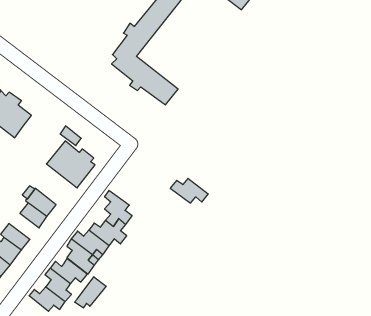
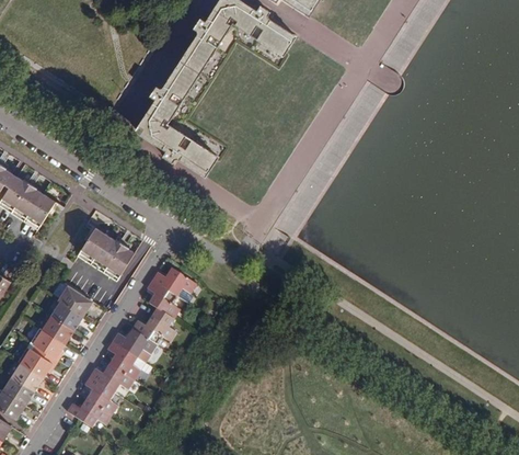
building: [170,178,208,203] -> [150,266,195,295]
building: none -> [38,315,72,344]
building: [75,277,106,308] -> none

